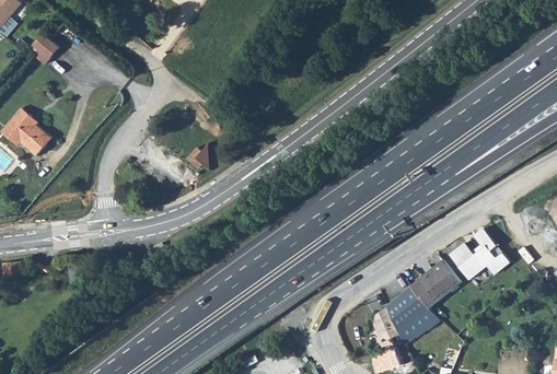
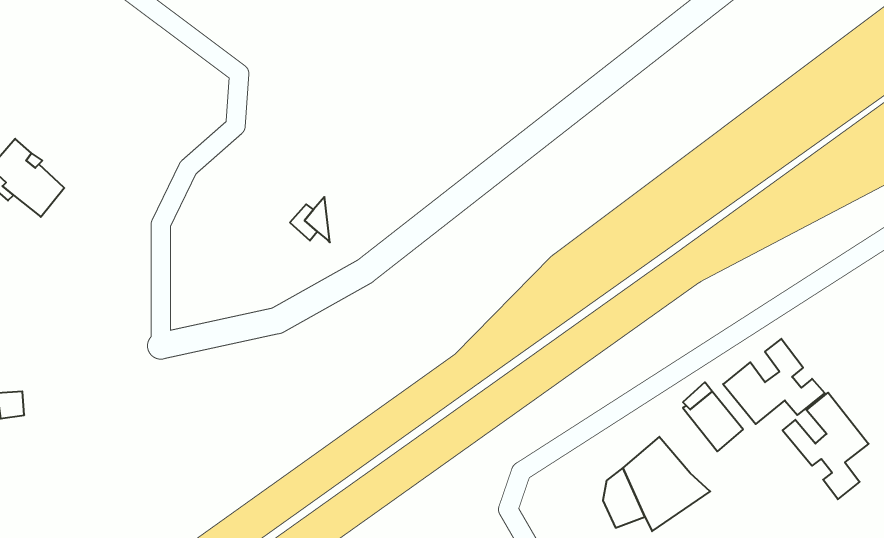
building: [28,33,59,63] -> none
building: none -> [783,393,869,499]
building: [409,269,444,308] -> none

